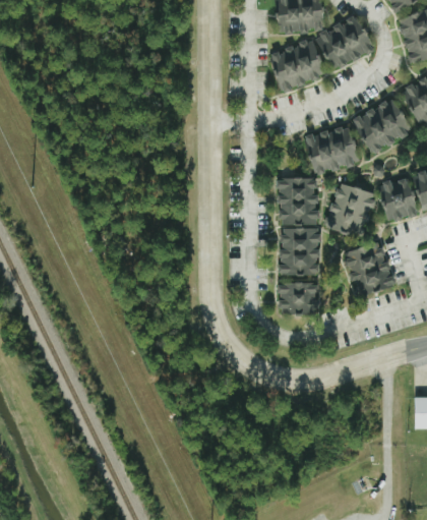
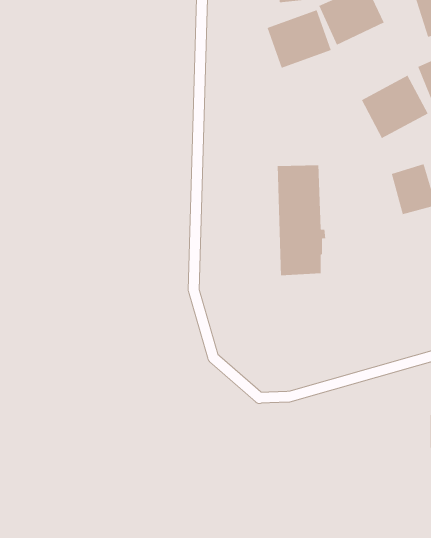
building: [305,124,360,174] -> none
building: [326,181,376,235] -> none
building: [346,241,393,295] -> none
building: [279,281,319,312] -> none

